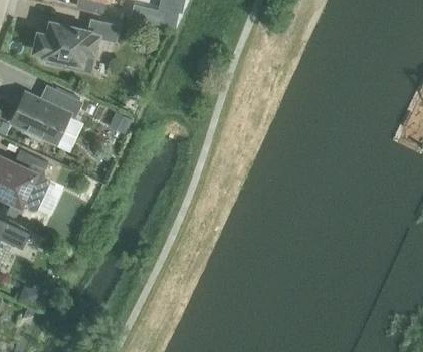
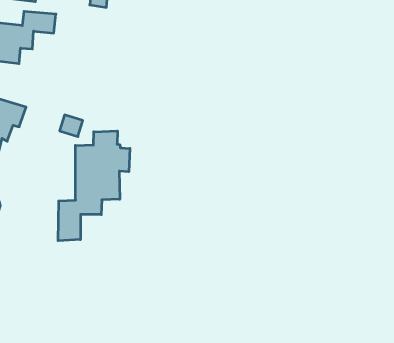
building: none -> [58,131,130,241]

